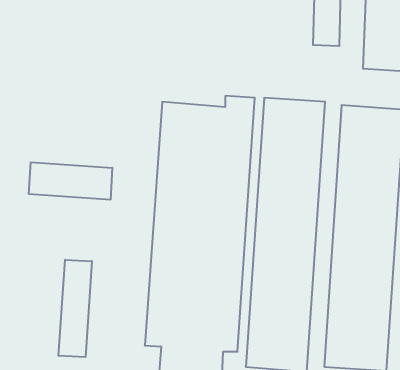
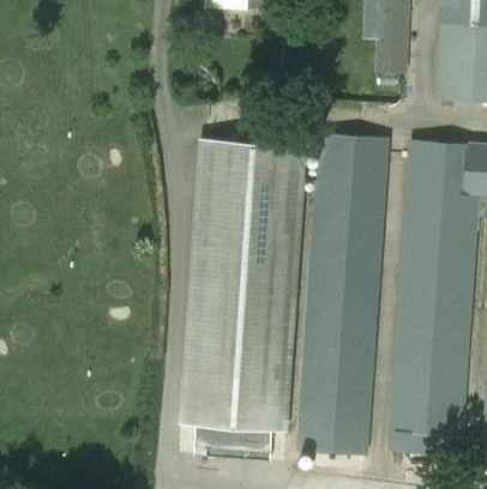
building: [29,162,112,200] -> none
building: [58,260,92,357] -> none

